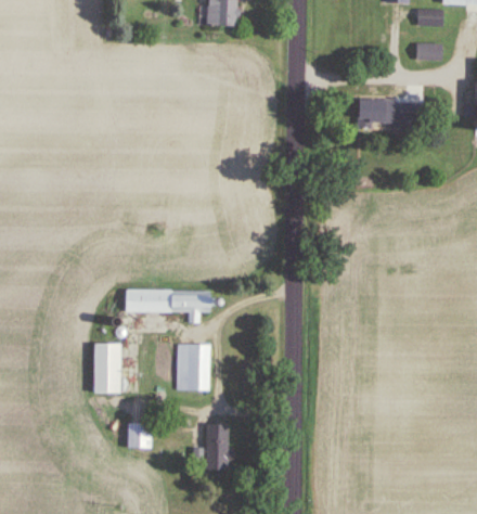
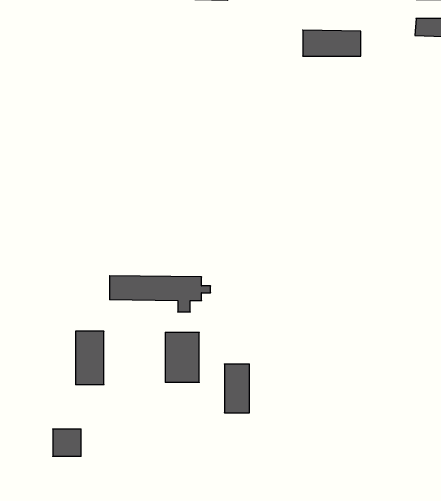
building: [356,99,411,124] -> [303,30,361,56]
building: [126,423,153,449] -> [53,429,81,456]
building: [204,424,228,471] -> [224,364,249,413]

